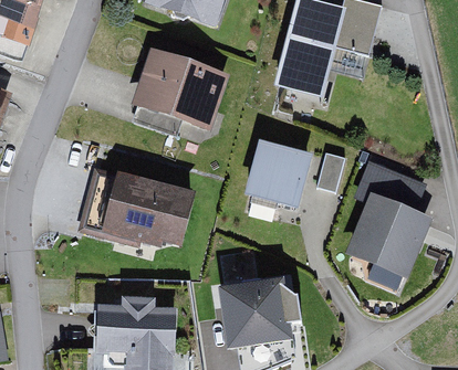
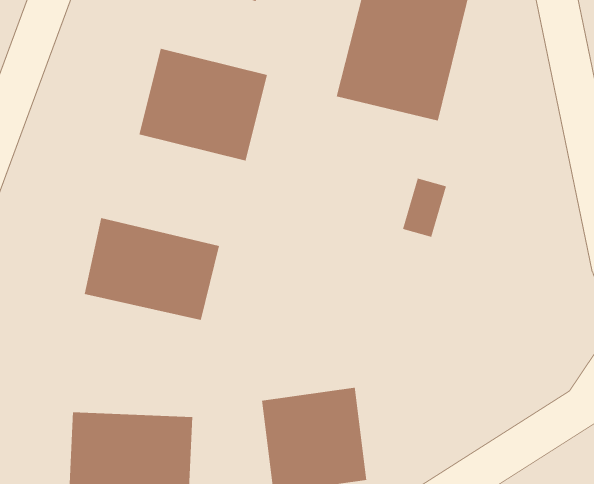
building: [244,134,313,202] -> none
building: [336,176,437,287] -> none

